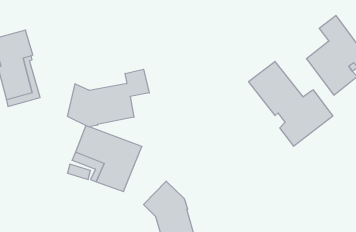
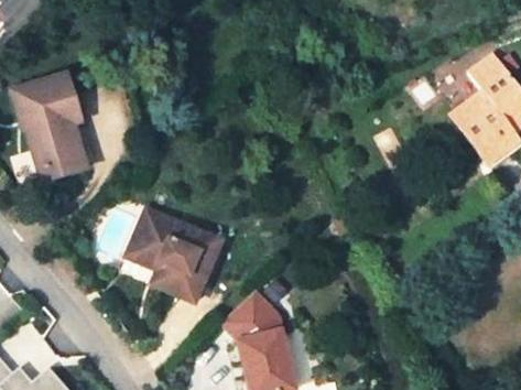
building: [249,61,333,146] -> none
building: [68,69,149,127] -> none

